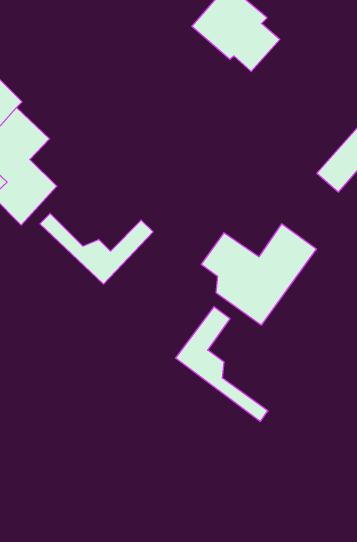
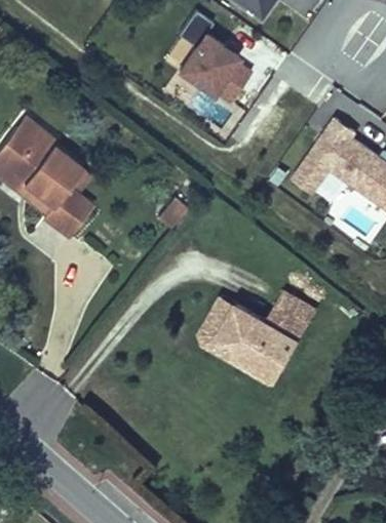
building: [40,213,153,284] -> none
building: [201,224,316,325] -> [221,292,313,376]

